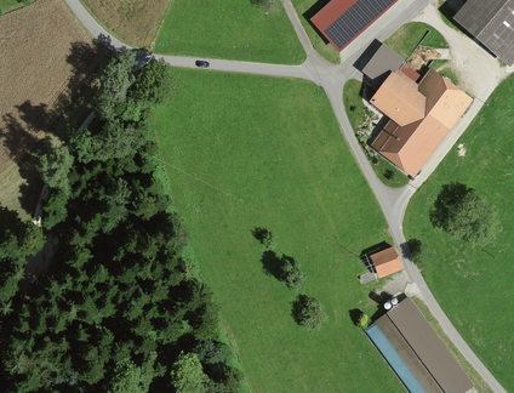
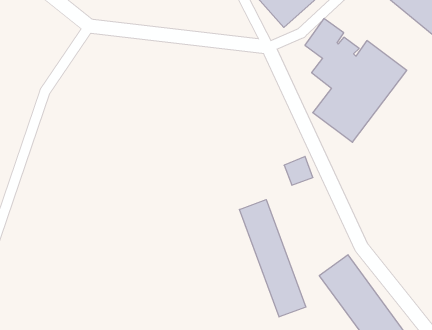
building: none -> [239,200,306,317]
building: [370,241,401,273] -> [284,156,313,185]

